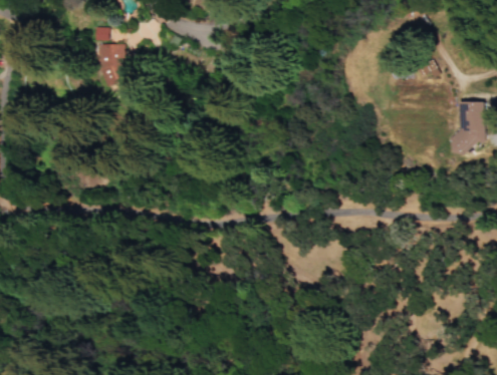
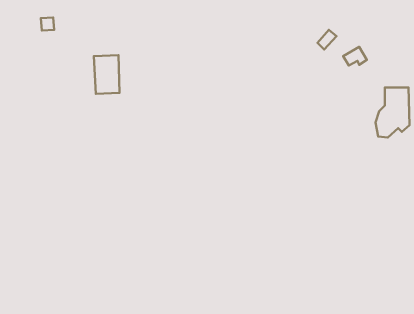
building: [99,43,127,84] -> [94,55,120,94]

